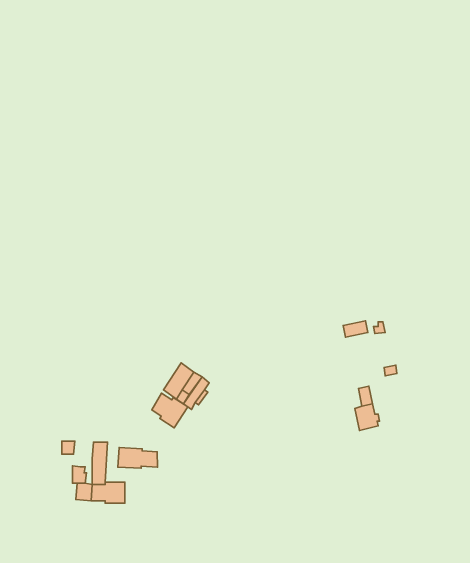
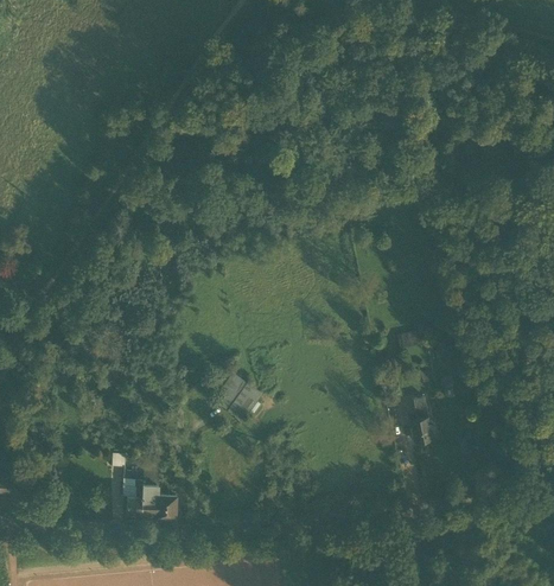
building: [152,393,188,428] -> none
building: [118,447,158,468] -> none

